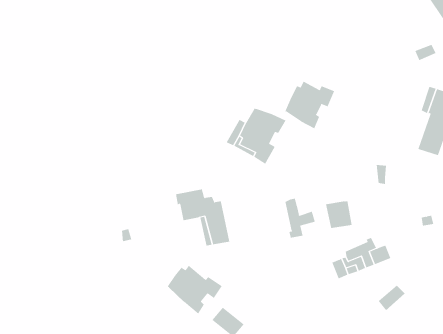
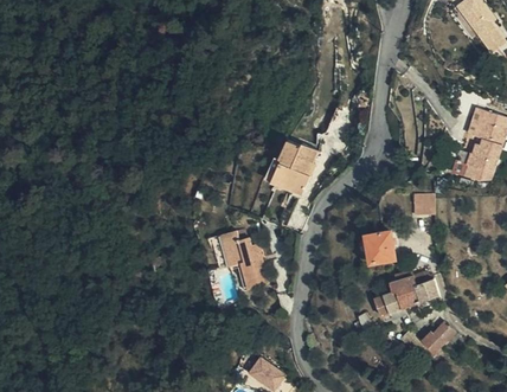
building: [285,81,335,129] -> none
building: [285,198,315,238] -> none
building: [167,265,222,314] -> none

